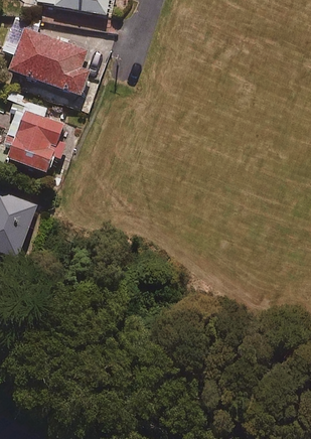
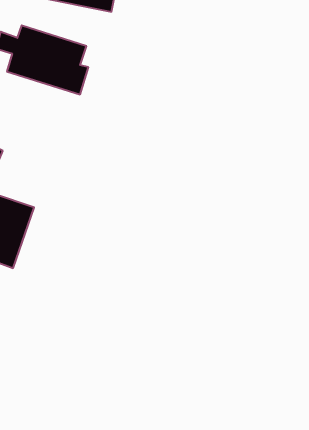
building: [8,110,66,172] -> none

